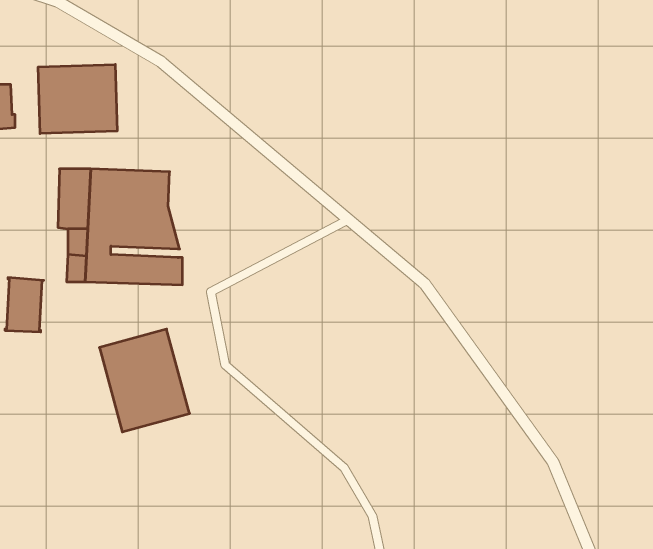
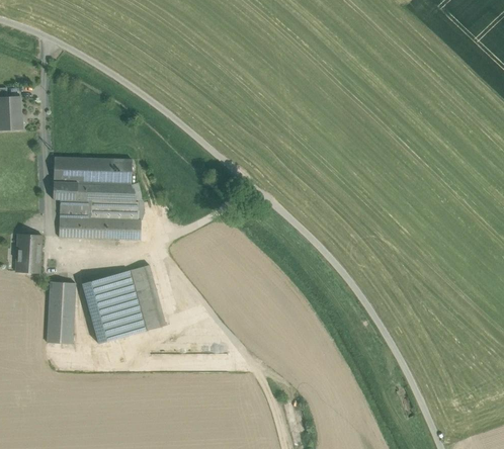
building: [38,64,117,134] -> none
building: none -> [130,264,166,330]
building: none -> [47,281,76,343]

